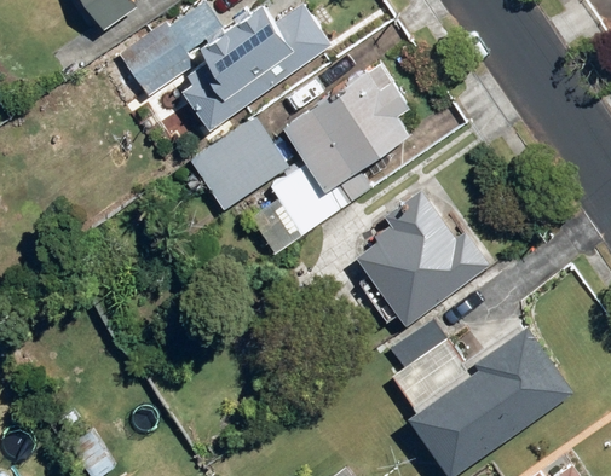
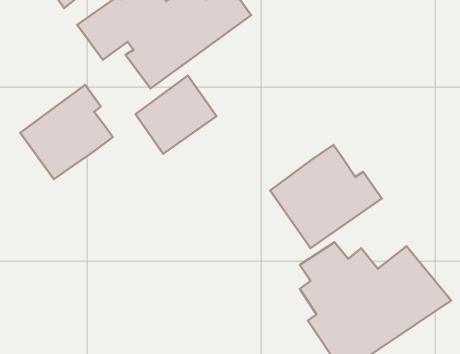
building: [250,63,408,252] -> none
building: none -> [20,85,113,179]

